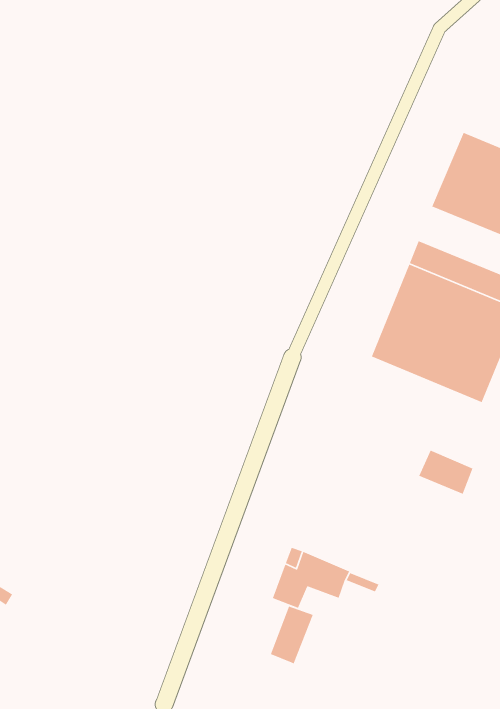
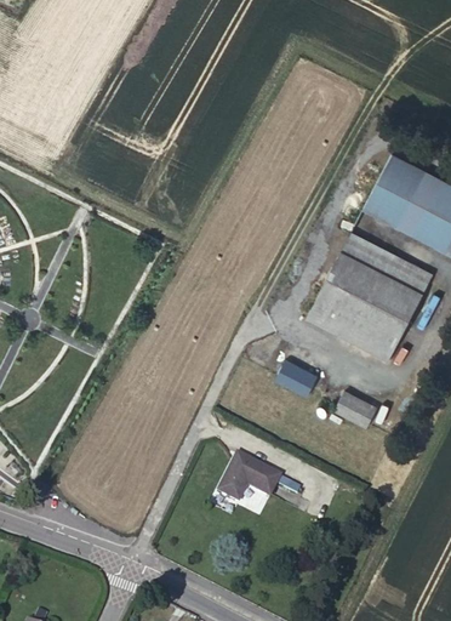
building: none -> [275,361,318,398]
building: [270,605,314,664] -> none

